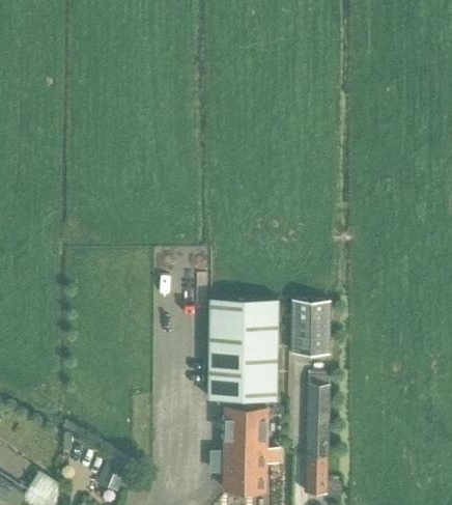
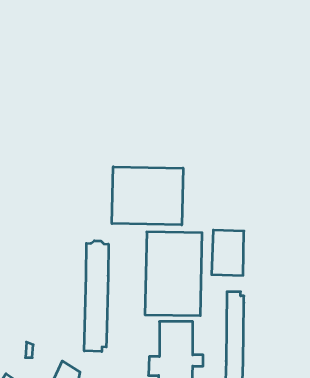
building: none -> [112,167,183,225]
building: none -> [84,241,108,352]

